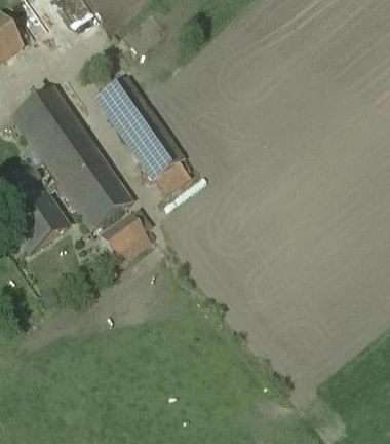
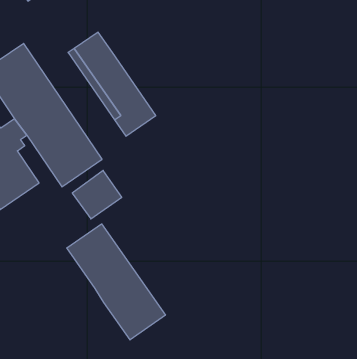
building: none -> [67,224,165,340]

